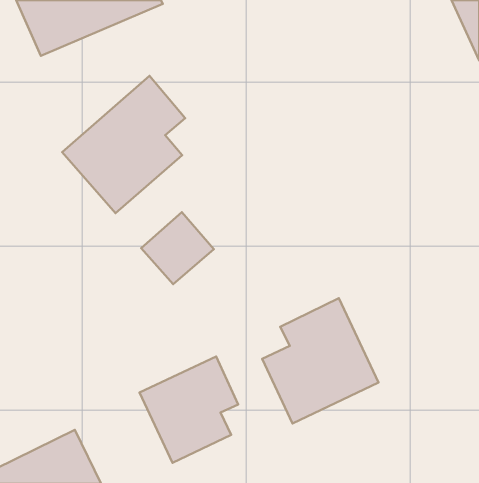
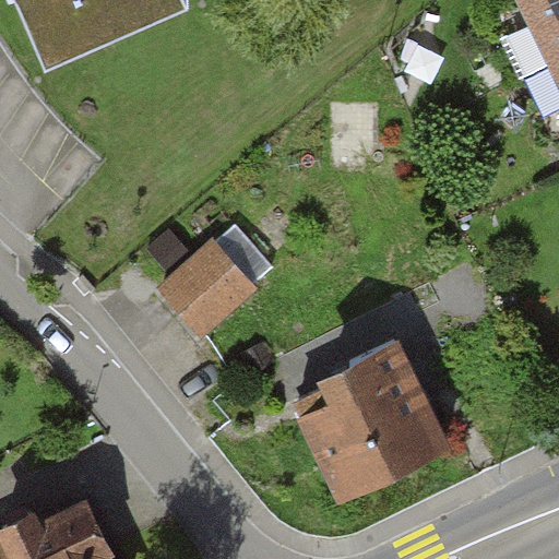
building: [62,76,185,213] -> none
building: [140,356,238,463] -> none

